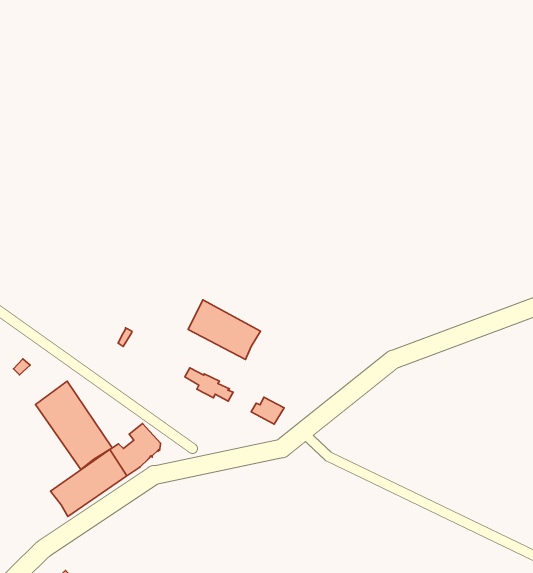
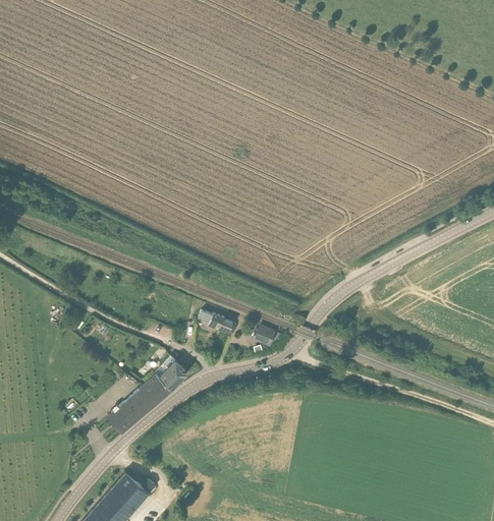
building: [188,300,260,360] -> none
building: [35,381,112,470] -> none

